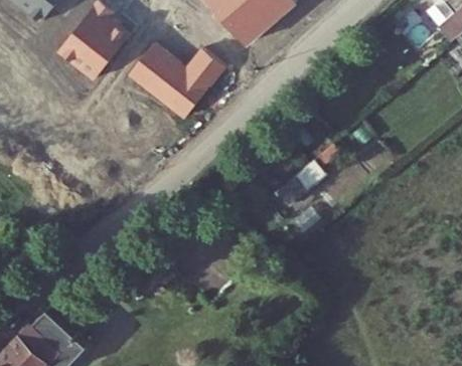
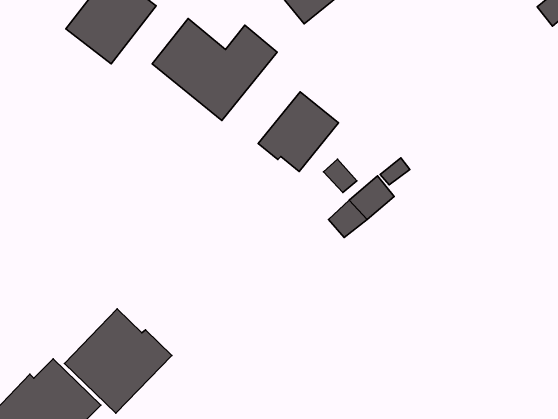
building: none -> [258,92,338,172]
building: none -> [64,309,172,413]

